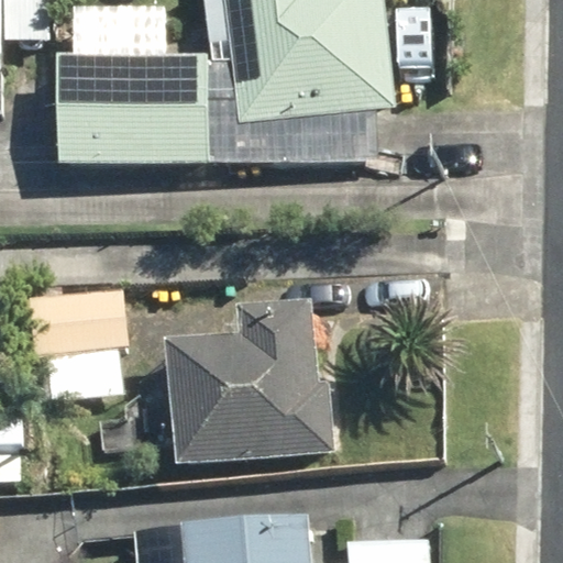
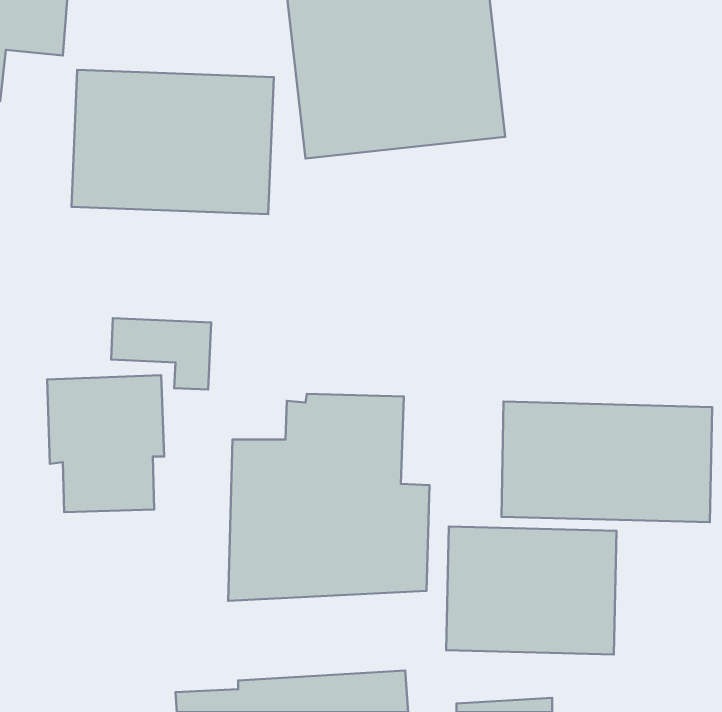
building: none -> [501,402,712,522]
building: none -> [446,526,617,655]

